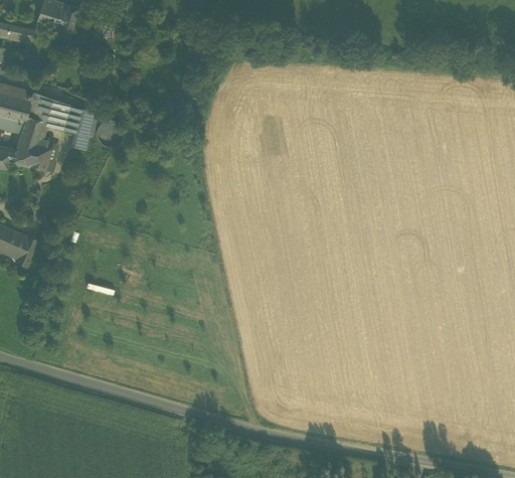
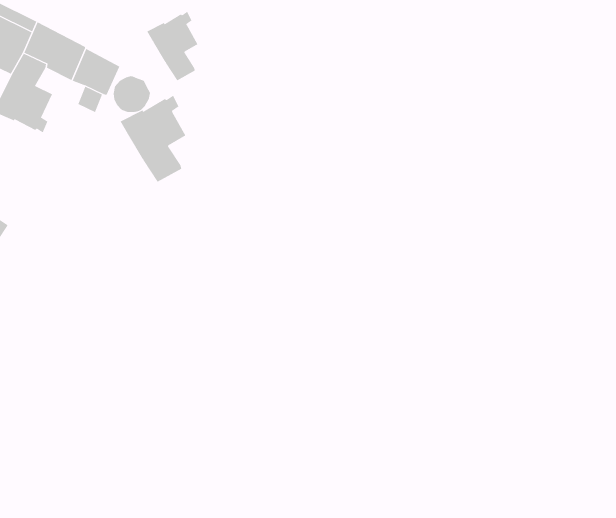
building: none -> [147,11,198,81]
building: none -> [120,95,186,183]

